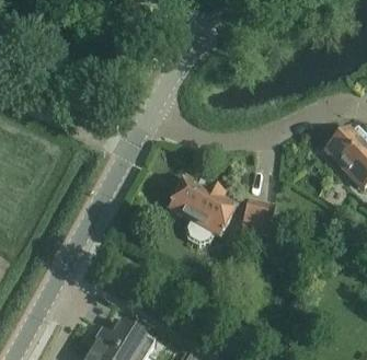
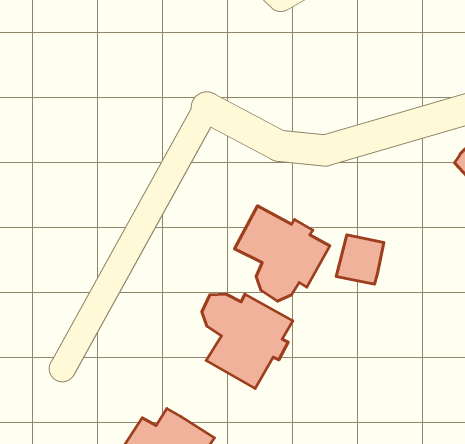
building: none -> [202,294,293,389]

